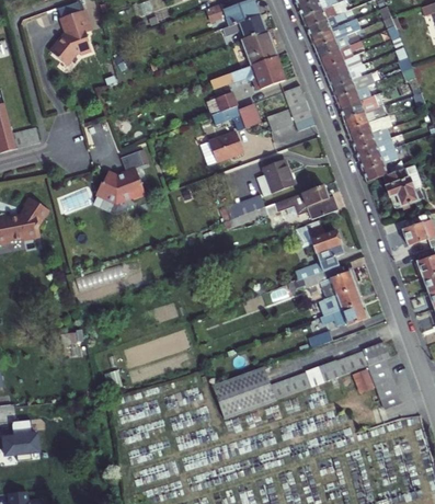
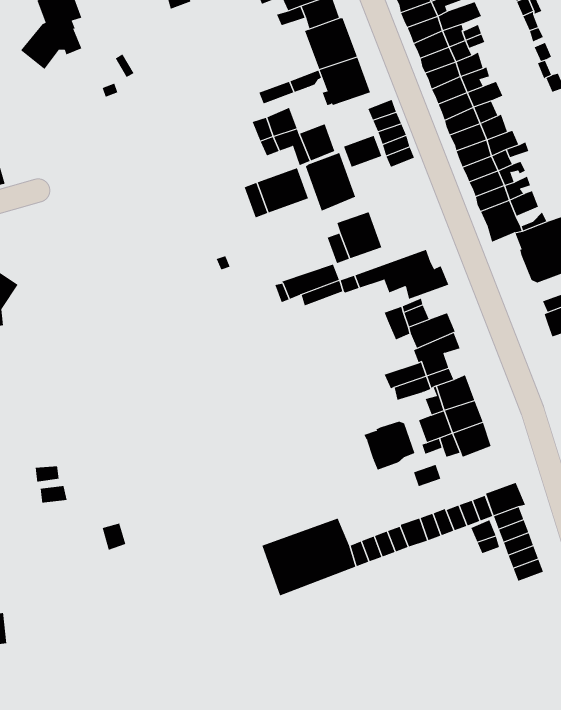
building: none -> [305,152,356,212]
building: [95,151,146,204] -> none
building: none -> [363,421,415,471]

